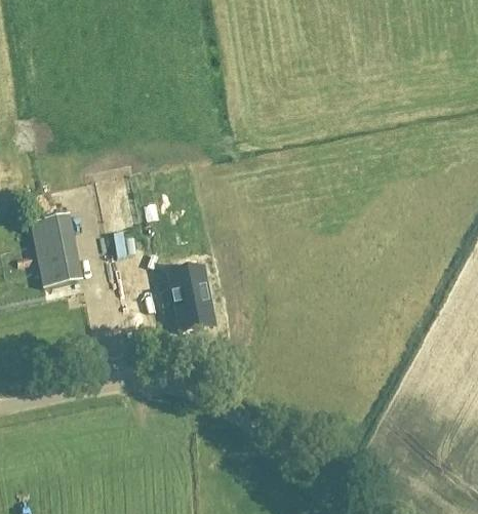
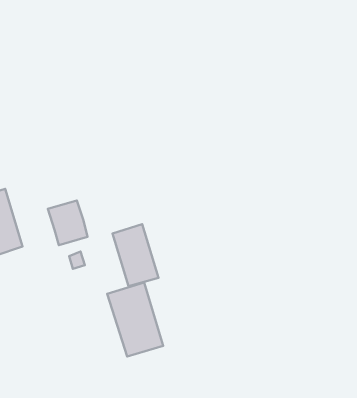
building: none -> [107,283,163,356]

